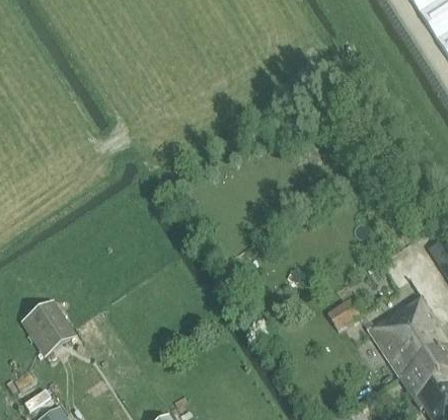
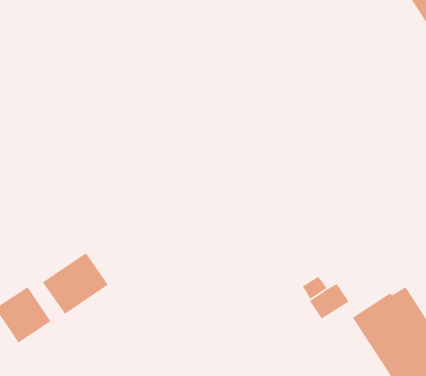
building: none -> [42,252,109,315]

